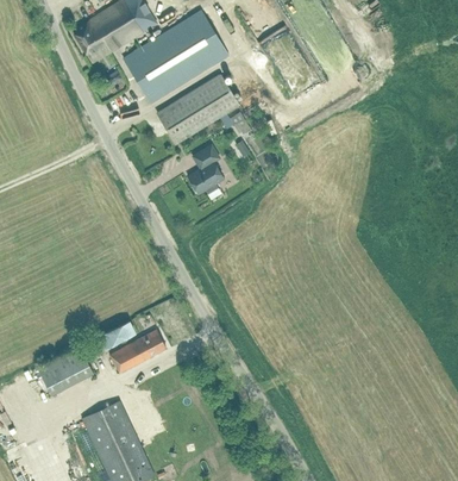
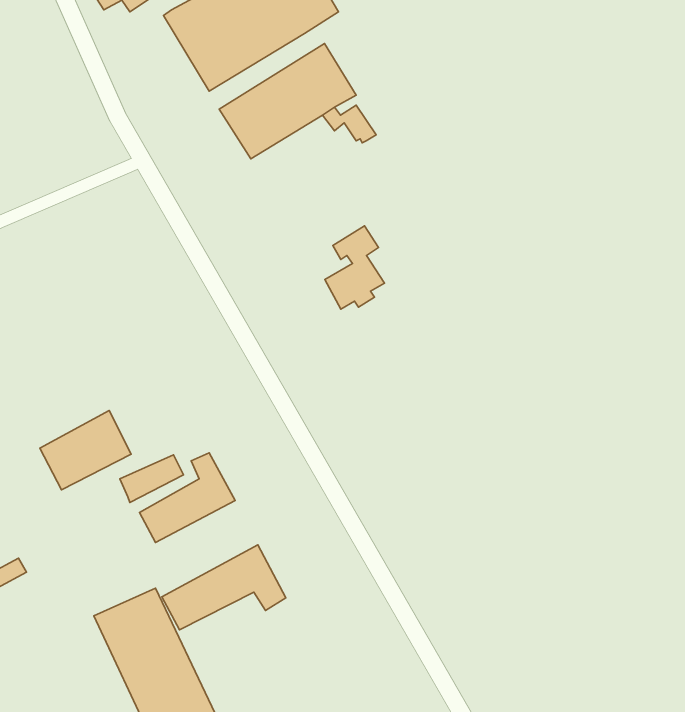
building: [188,144,224,194] -> [325,226,384,309]
building: [38,346,93,394] -> [40,410,131,490]
building: none -> [162,545,286,630]

